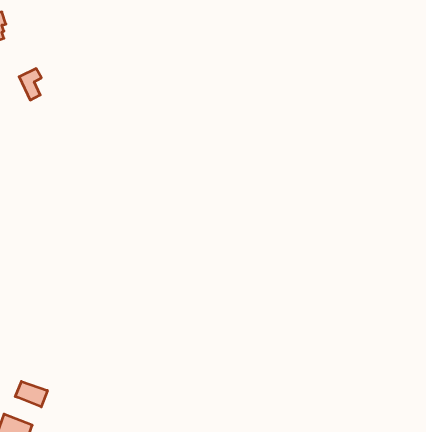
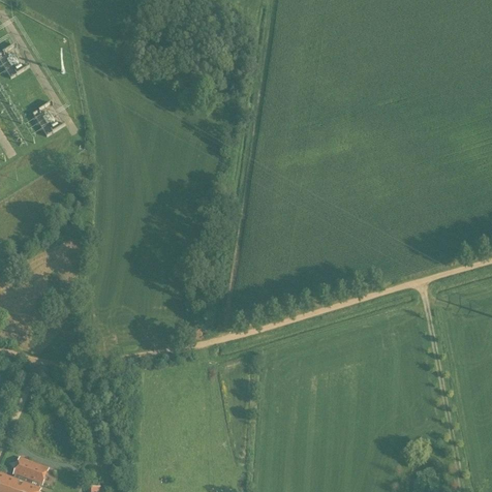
building: [15,381,47,407] -> none

